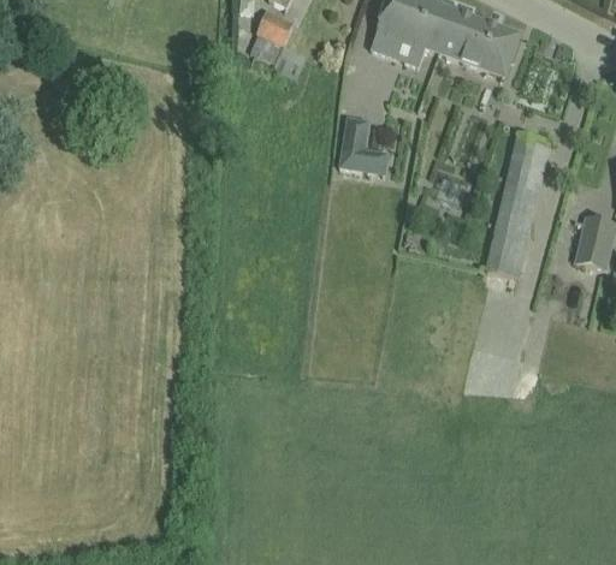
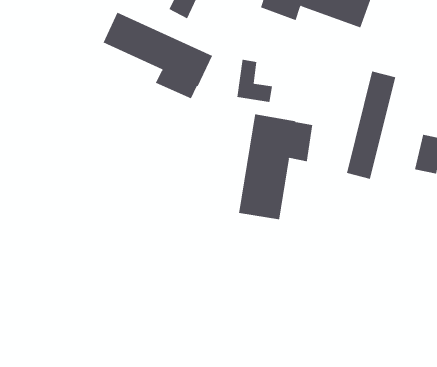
building: none -> [103,12,213,99]
building: none -> [239,114,313,220]

